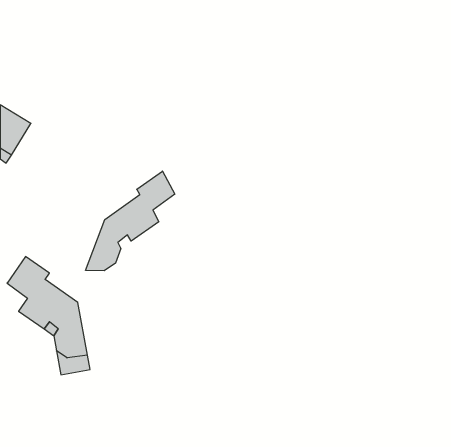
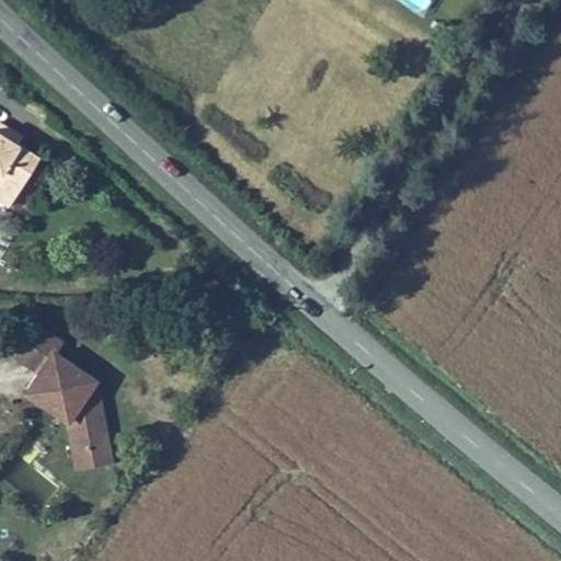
building: [86,171,175,271] -> none

